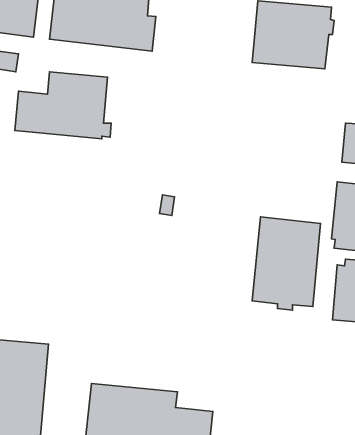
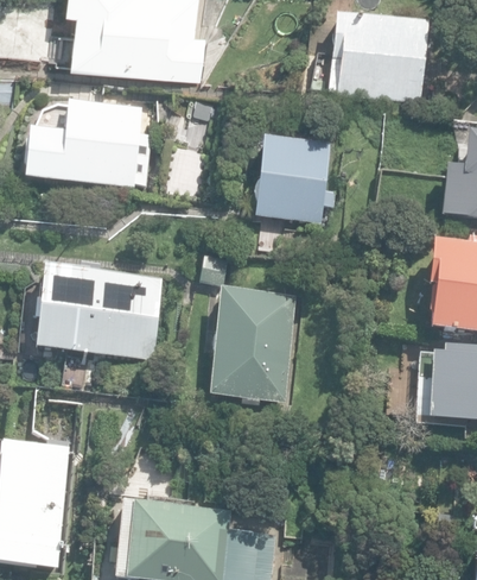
building: none -> [254,131,336,218]
building: none -> [33,260,163,354]
building: [252,217,320,310] -> [211,286,298,405]

